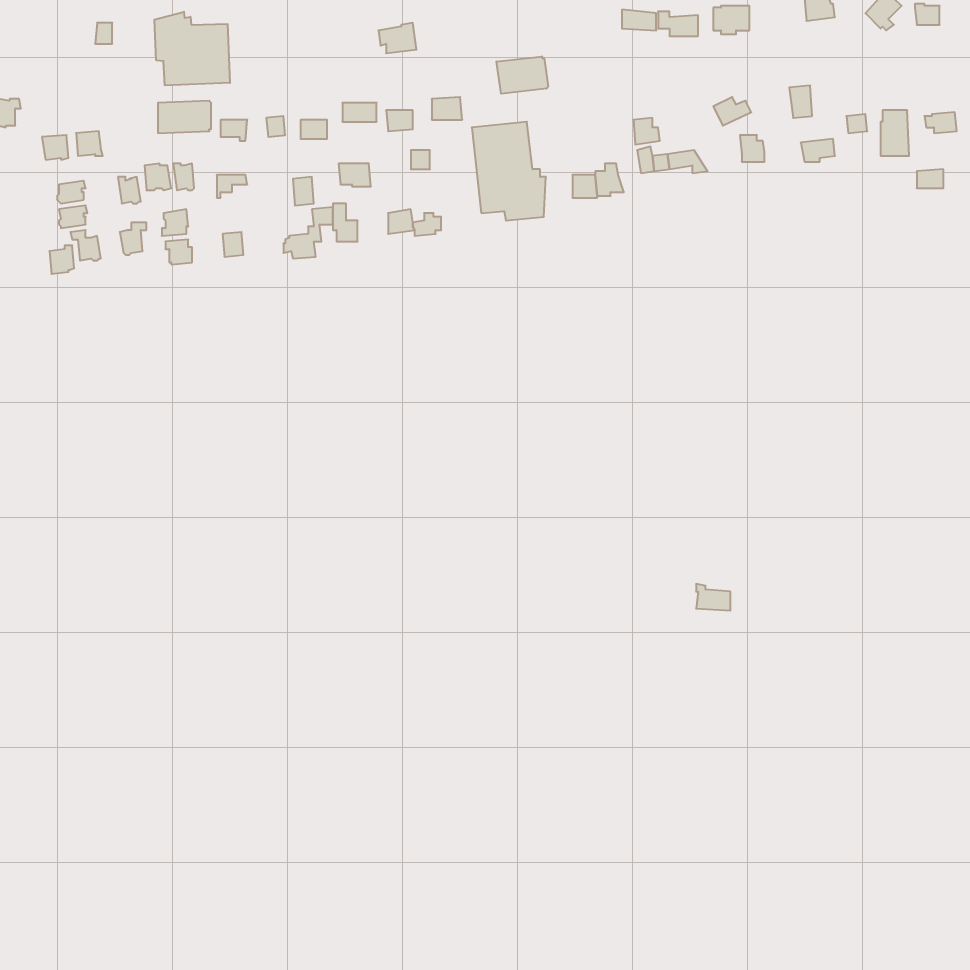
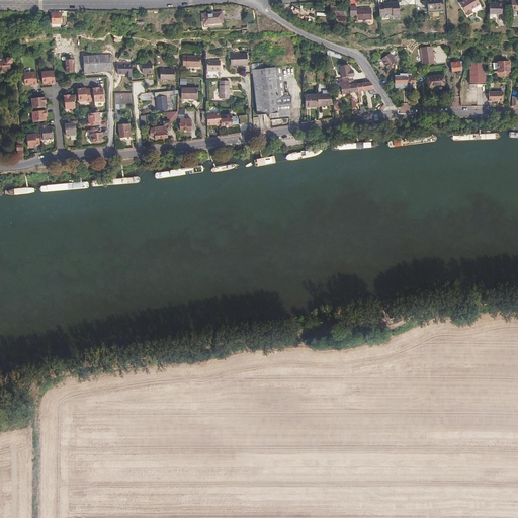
building: [154,12,230,85] -> none
building: [496,56,548,94] -> none

